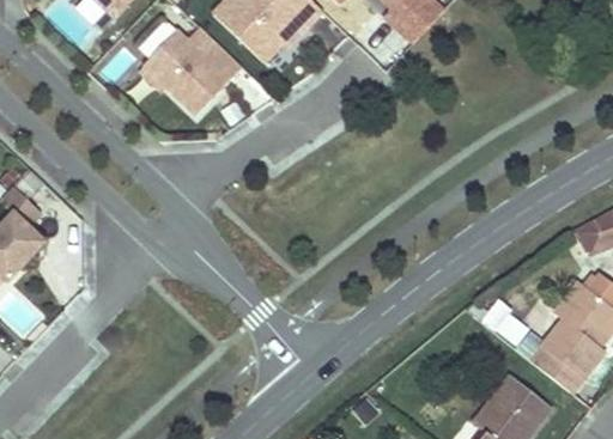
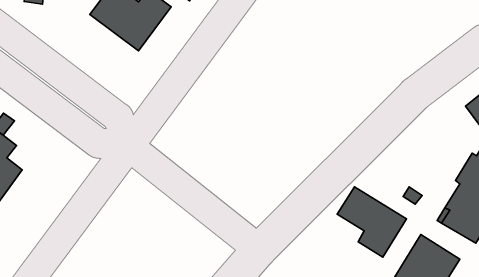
building: none -> [337,187,406,257]

